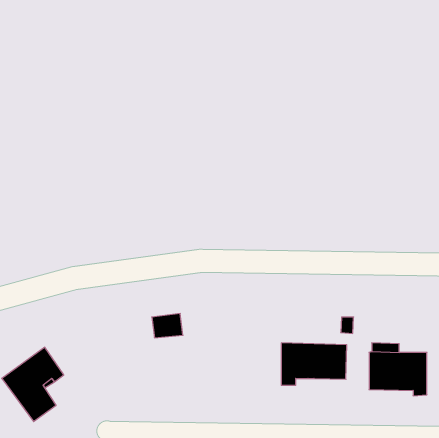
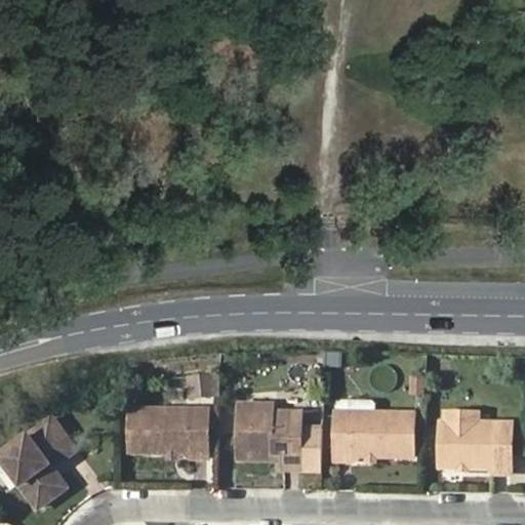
building: none -> [235,404,297,470]
building: none -> [129,410,207,459]

